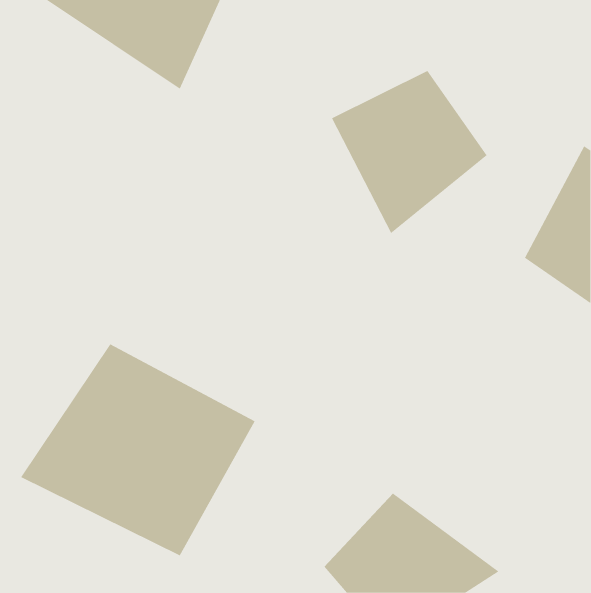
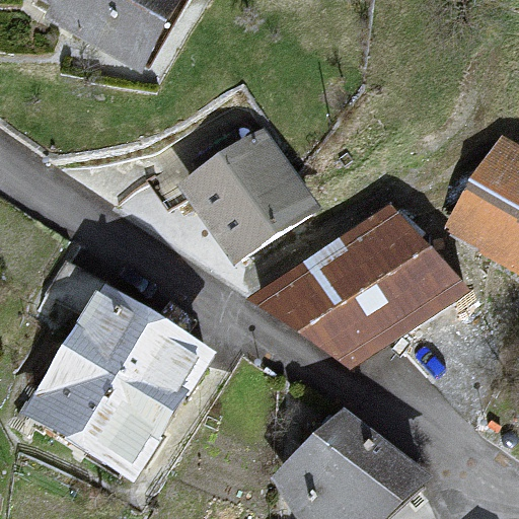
building: [331,70,488,234] -> [189,131,321,270]
building: none -> [274,203,464,352]

